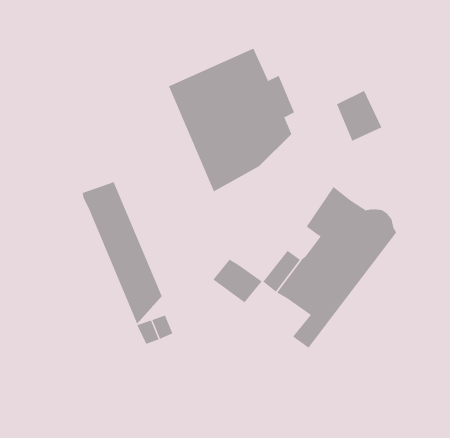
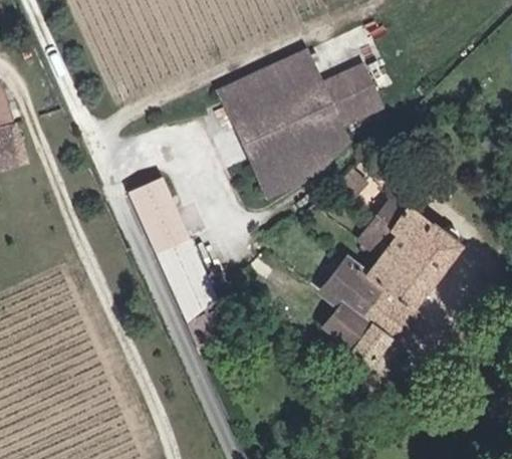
building: [336,90,382,141] -> [336,67,383,120]
building: [212,259,263,303] -> [316,303,367,349]

